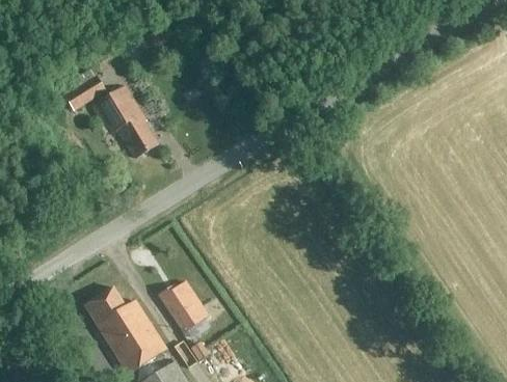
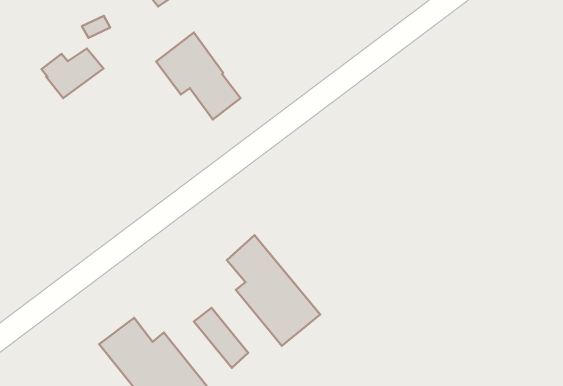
building: [96,87,158,156] -> [156,32,240,120]
building: none -> [227,235,320,346]

